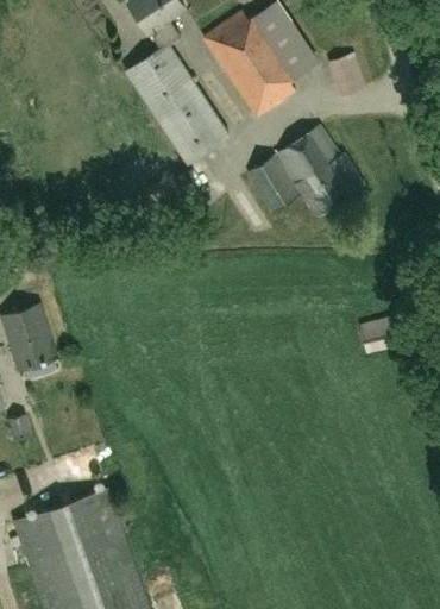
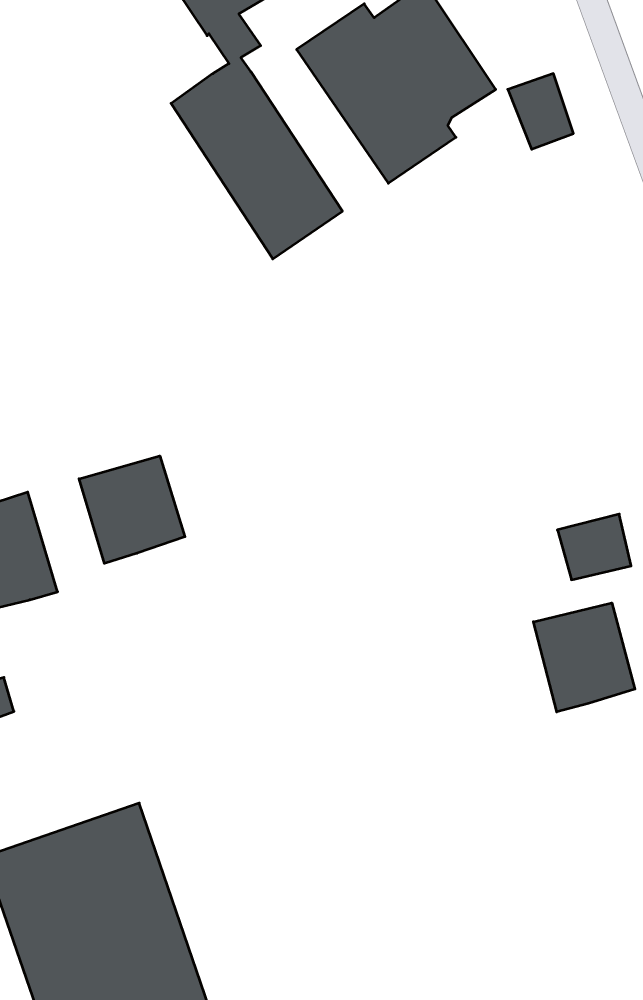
building: [246,125,365,218] -> none
building: none -> [79,456,185,563]
building: none -> [533,603,635,712]

